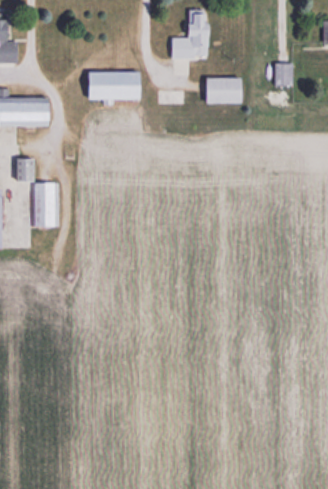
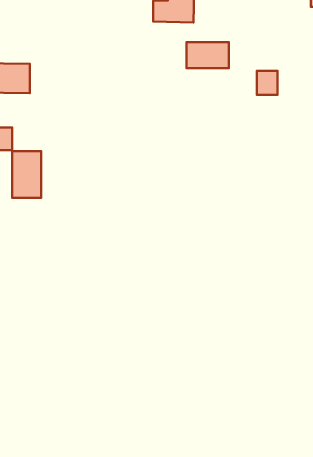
building: [275,63,295,86] -> [257,71,278,95]
building: [84,73,138,101] -> none

